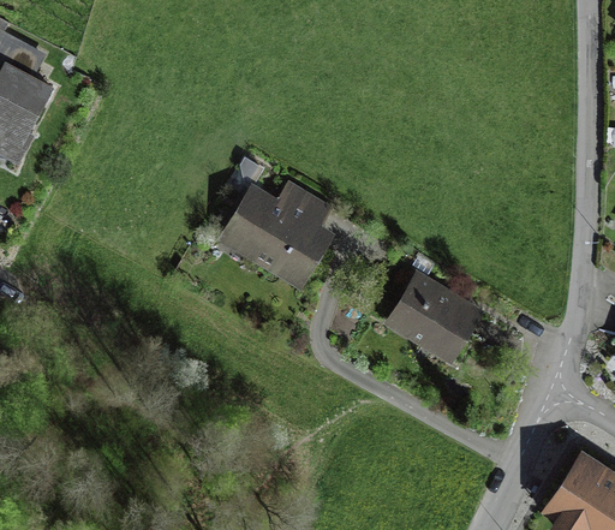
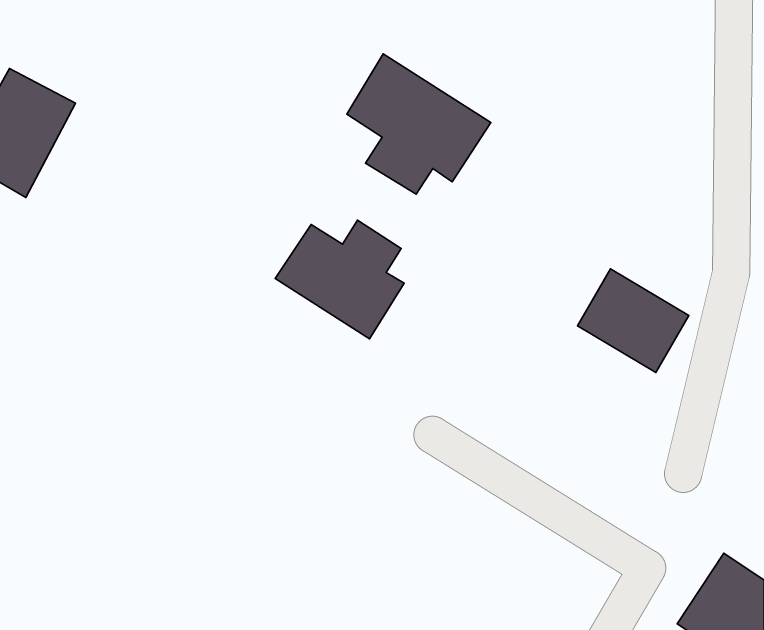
building: none -> [347,54,491,194]
building: [387,274,476,357] -> [578,269,689,372]

